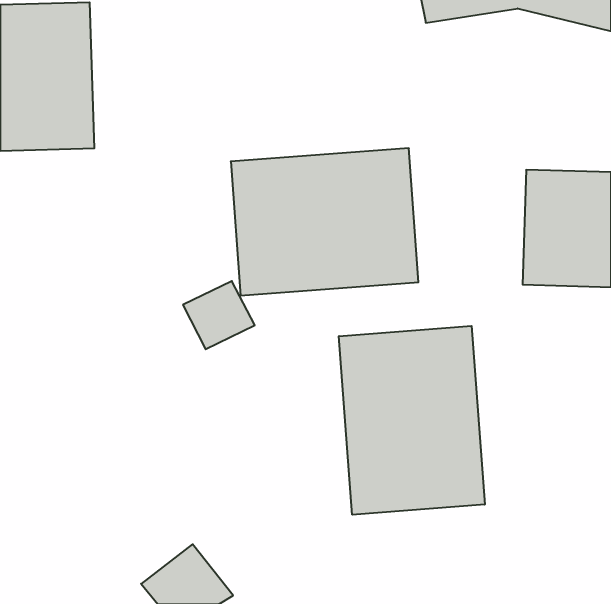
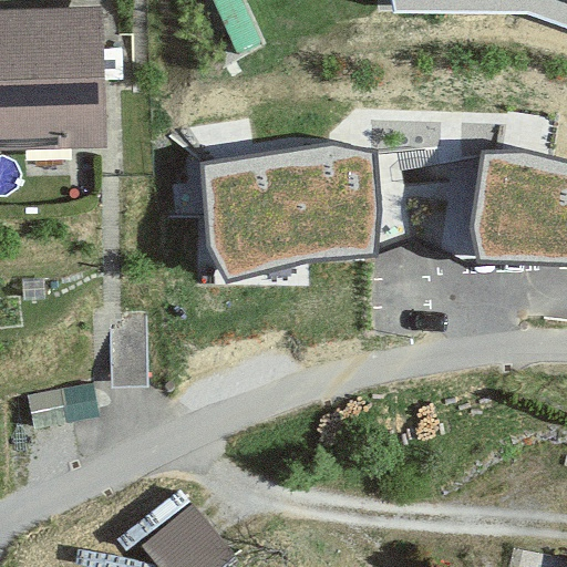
building: [339,326,485,515] -> none

